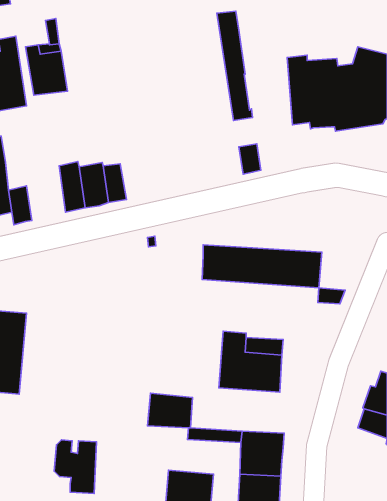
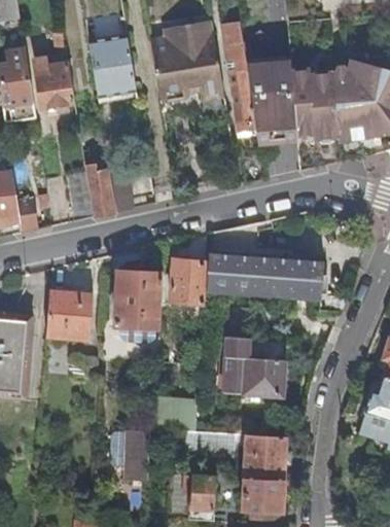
building: none -> [150,22,224,102]
building: none -> [243,31,295,139]
building: none -> [88,34,137,99]
building: none -> [170,261,208,304]
building: none -> [115,271,162,345]
building: none -> [46,291,92,340]
building: [54,440,96,493] -> [109,429,150,482]

